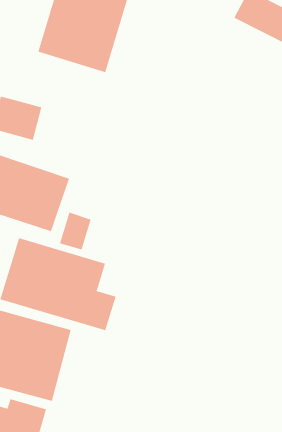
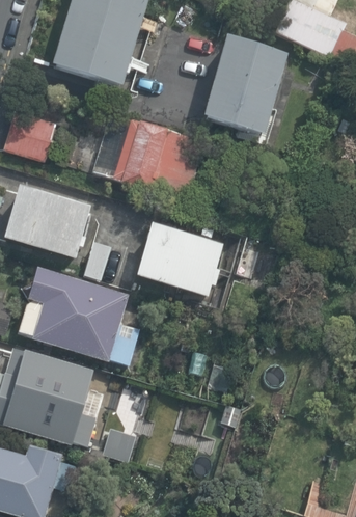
building: none -> [206,33,292,134]
building: none -> [94,112,201,199]
building: none -> [119,214,223,298]

